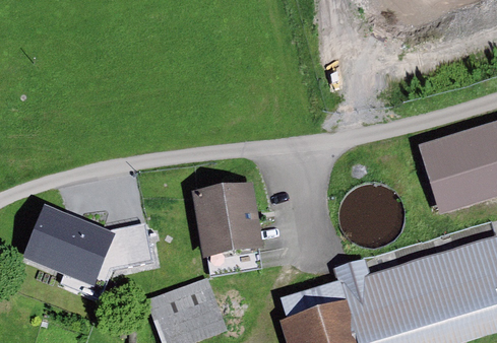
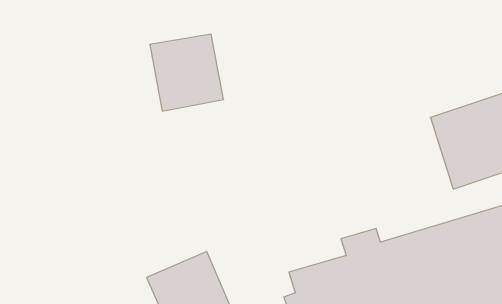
building: [190,181,262,256] -> [150,34,224,111]
building: [19,201,157,298] -> none

